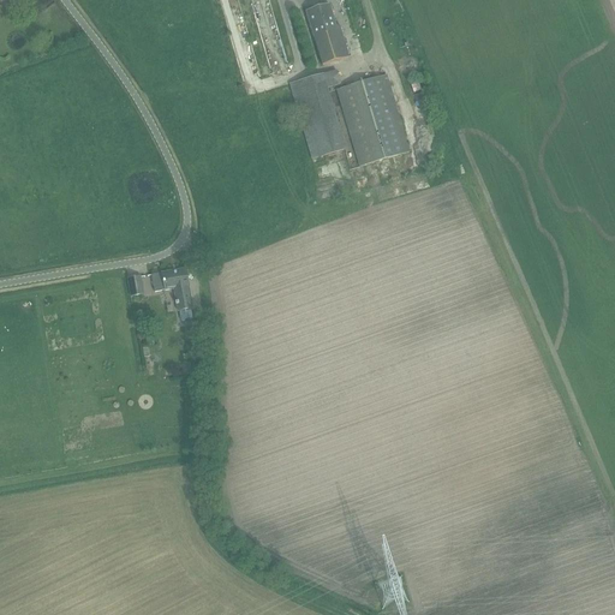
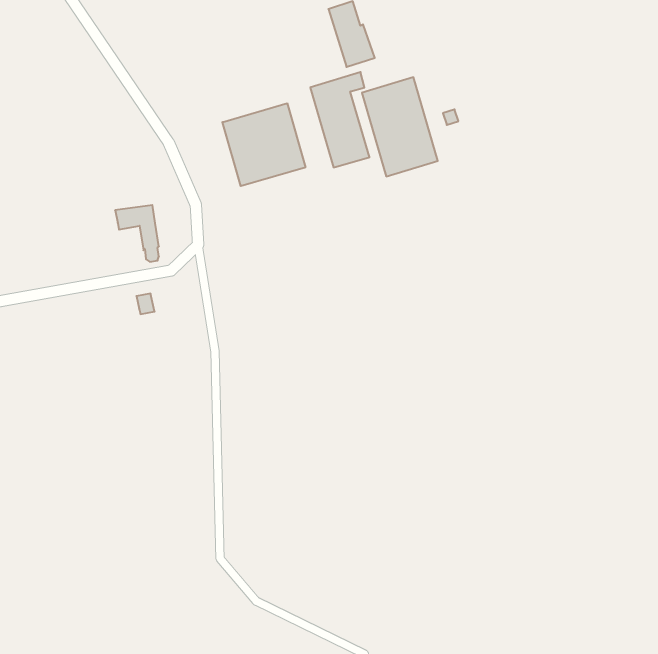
building: none -> [222,103,305,186]
building: [151,267,192,320] -> [115,205,159,262]

